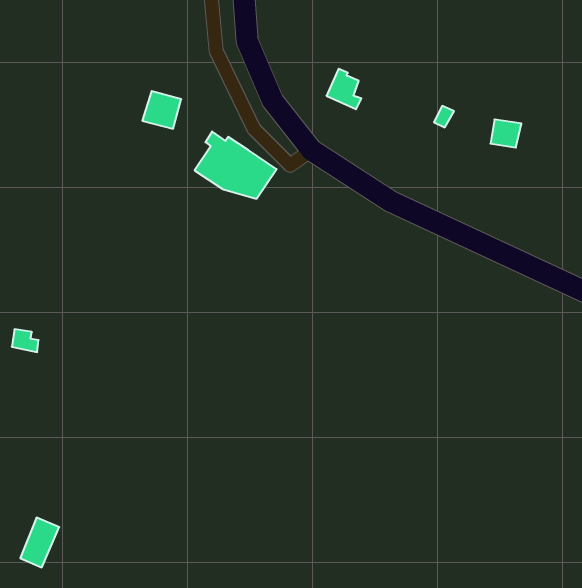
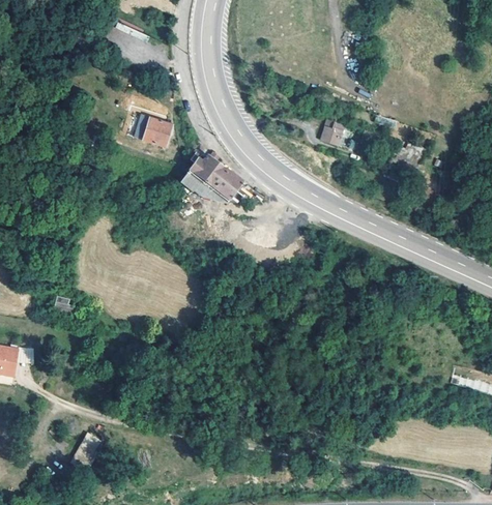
building: [326,69,361,109] -> [321,112,348,143]
building: [20,518,59,567] -> [76,429,106,468]

